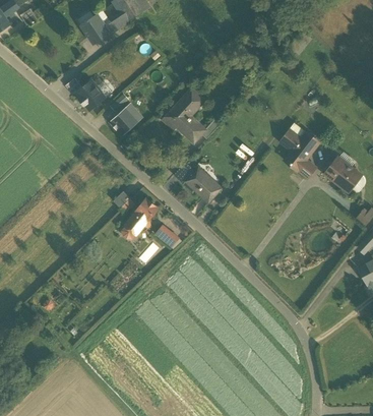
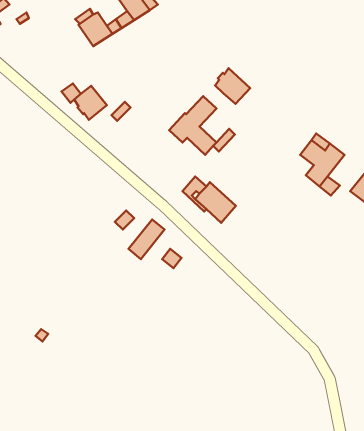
building: none -> [215,68,250,104]
building: [111,103,143,134] -> none

